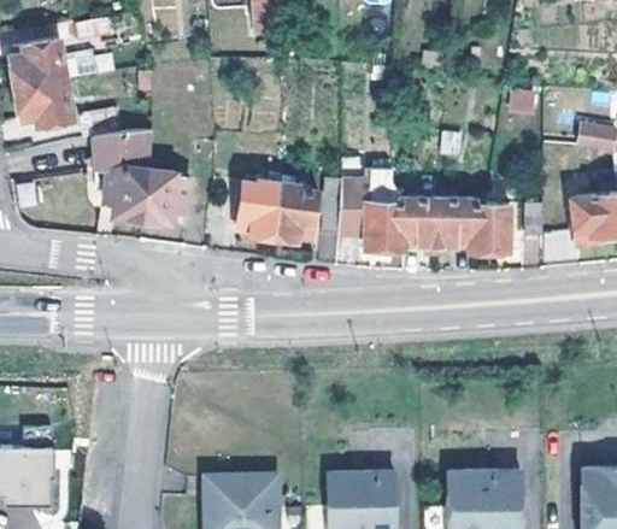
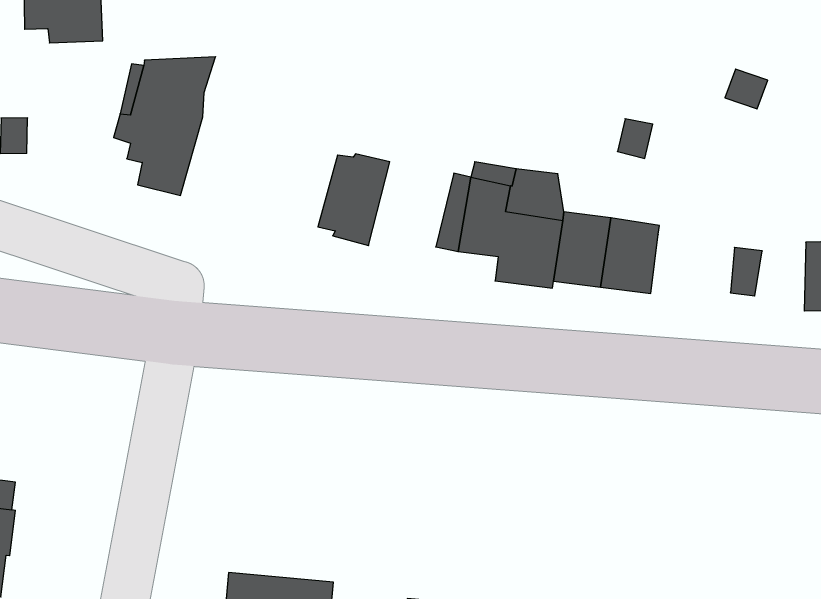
building: [140,165,188,224] -> none
building: [272,180,318,242] -> none
building: [468,206,509,254] -> none

